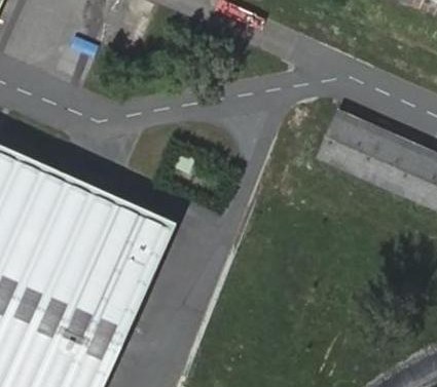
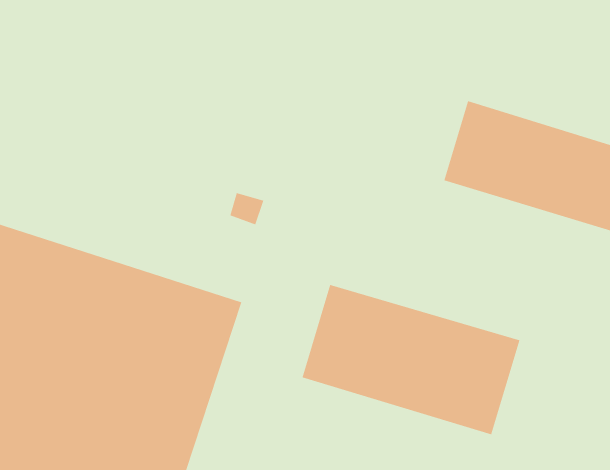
building: none -> [302,284,520,435]

